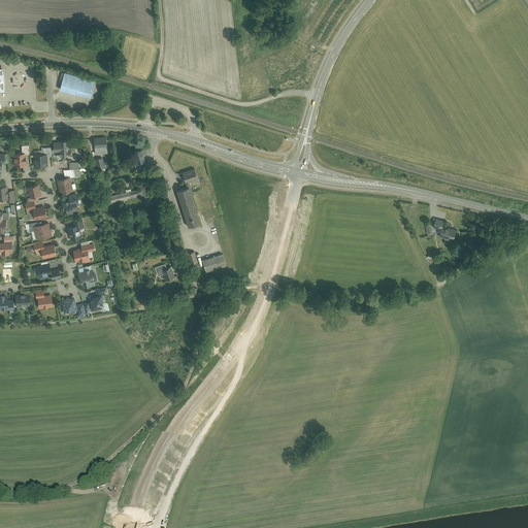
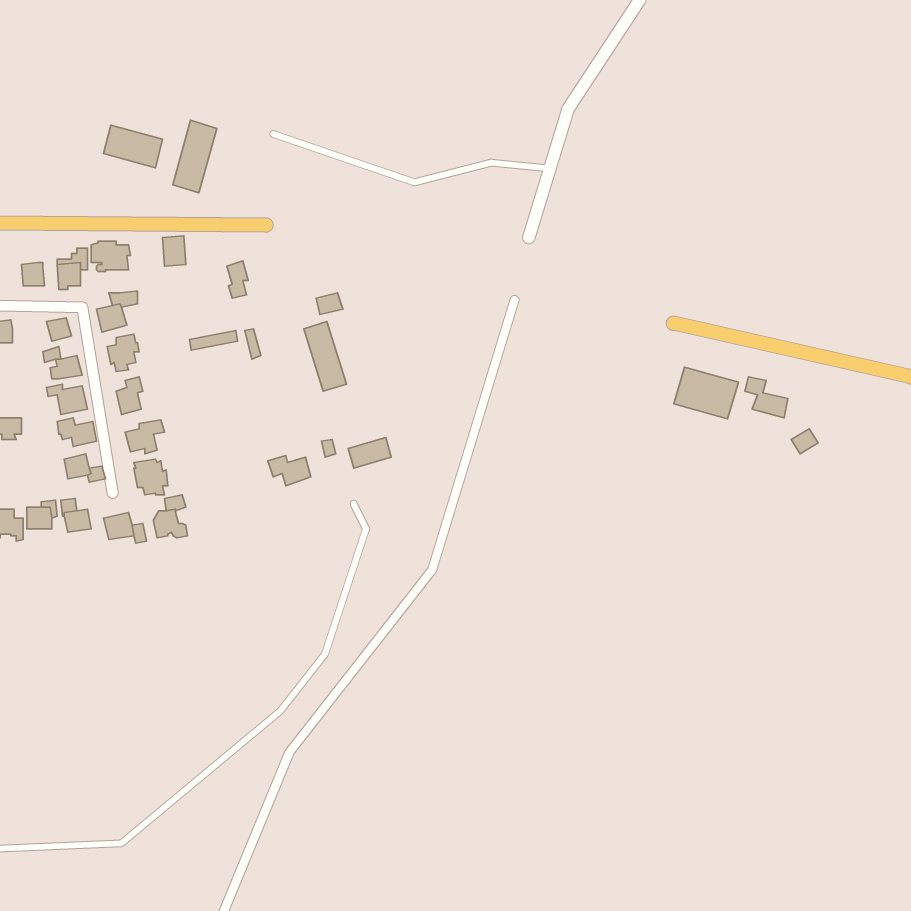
building: none -> [173,120,217,193]
building: none -> [674,367,738,419]

